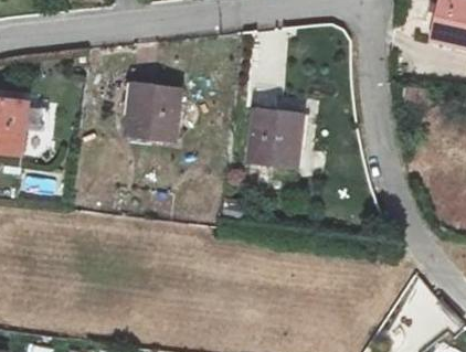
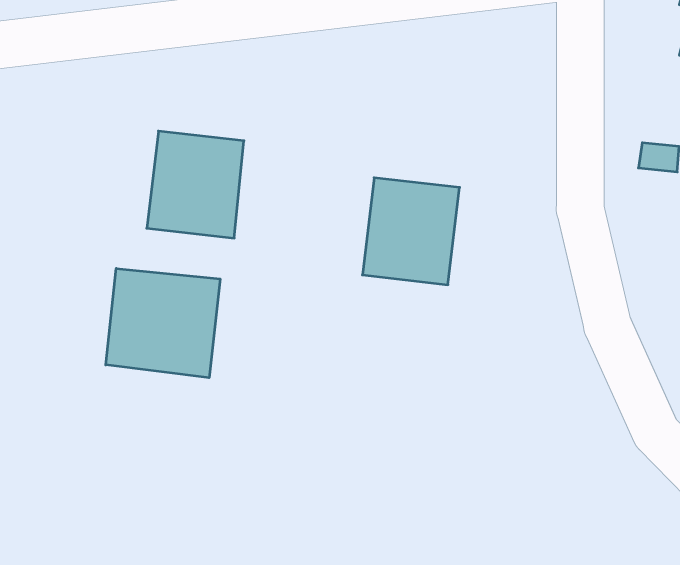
building: none -> [106,268,220,378]

